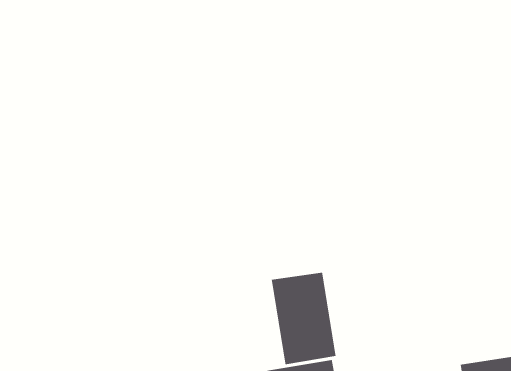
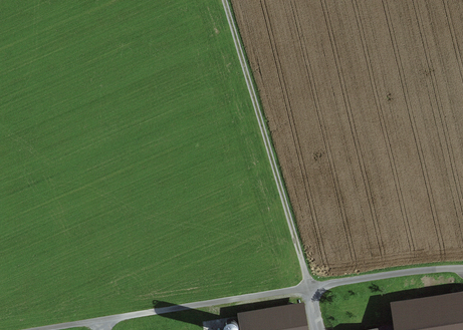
building: [271,272,336,365] -> none

